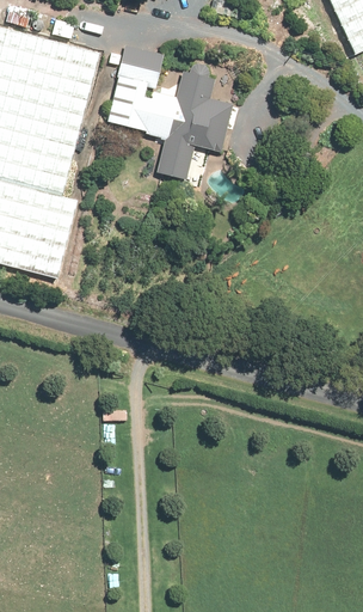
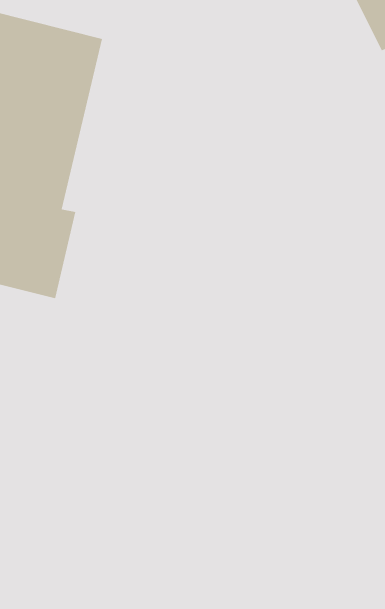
building: [103,42,228,179] -> none

